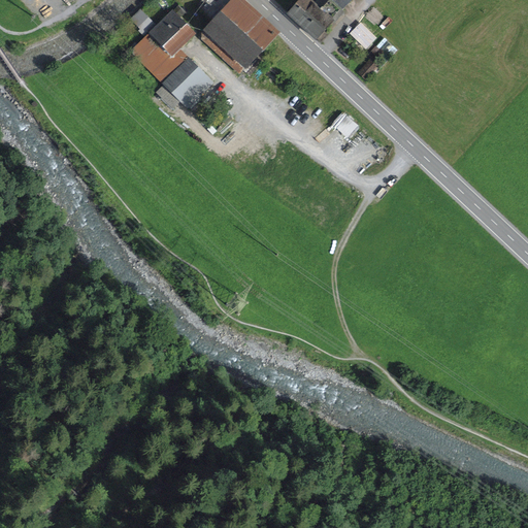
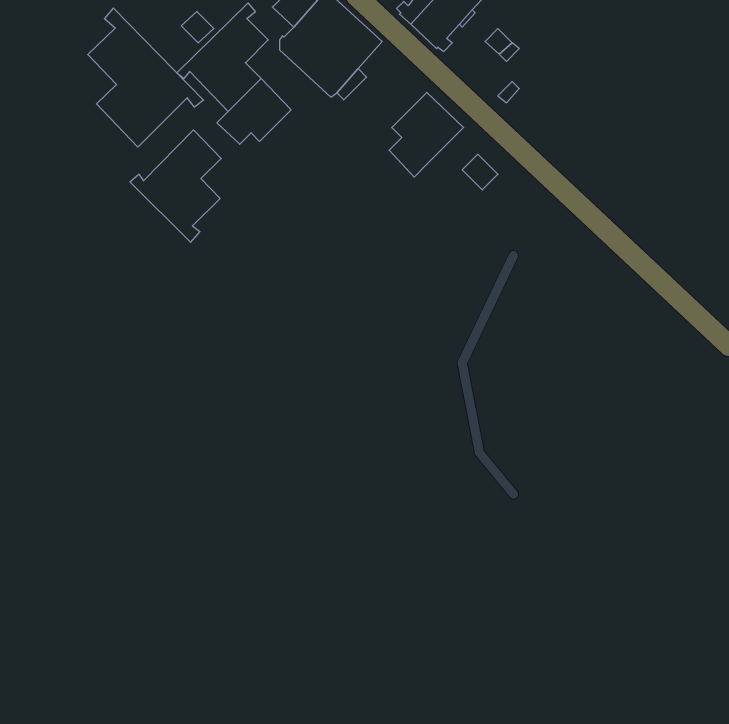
building: none -> [88,8,204,147]
building: none -> [389,92,464,177]
building: none -> [130,130,221,242]

